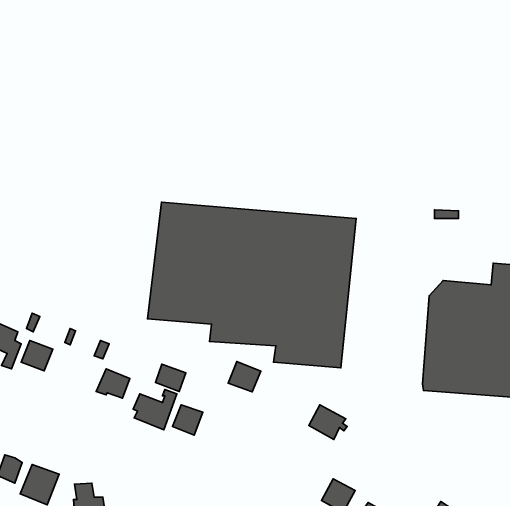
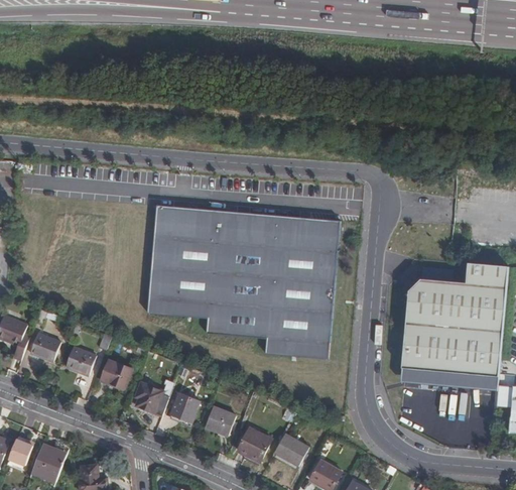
building: none -> [64,347,97,376]
building: [228,361,261,392] -> [204,406,234,435]
building: [156,364,186,392] -> none
building: [309,405,347,440] -> [273,434,308,466]
building: none -> [237,425,272,461]

